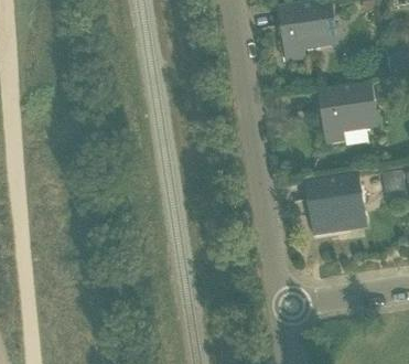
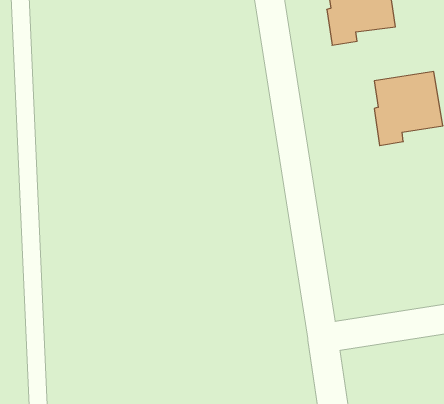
building: [308,173,363,234] -> none

